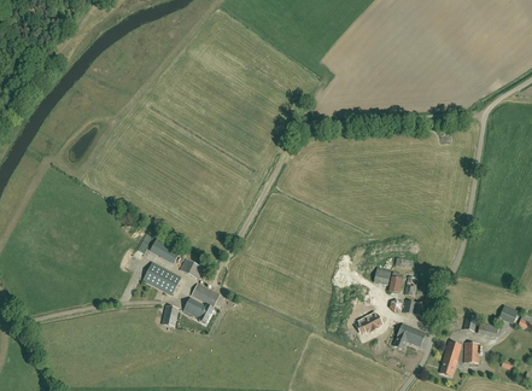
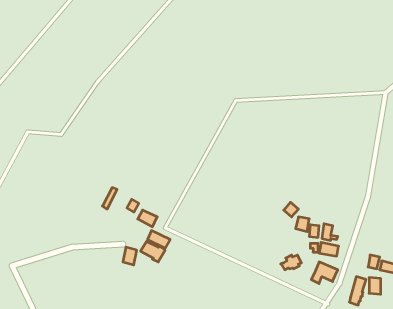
building: [142,262,182,296] -> none

